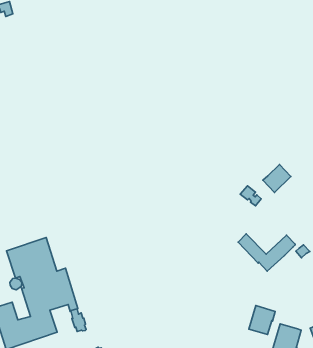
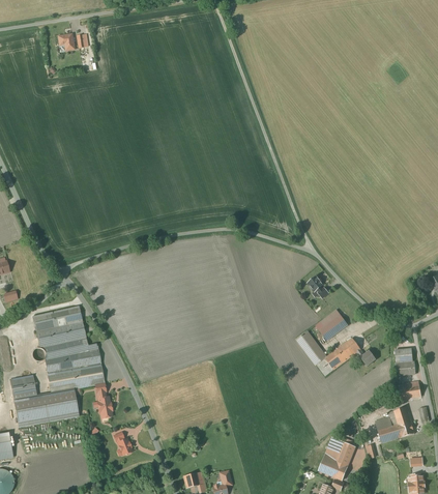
building: [263,164,291,192] -> [316,309,348,340]
building: [249,306,275,334] -> none

